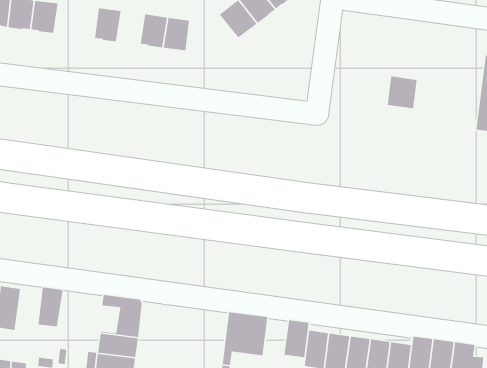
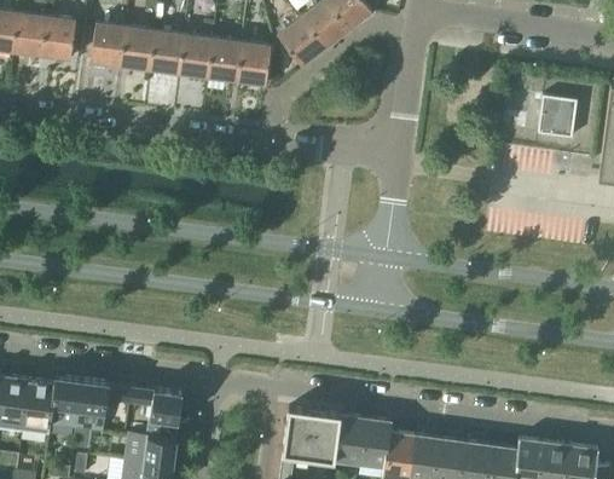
building: none -> [91,23,126,65]
building: none -> [149,30,184,73]
building: none -> [236,42,271,85]
building: [387,76,418,109] -> [539,94,578,137]
building: none -> [22,376,56,435]
building: none -> [73,380,132,449]
building: none -> [332,414,364,463]

